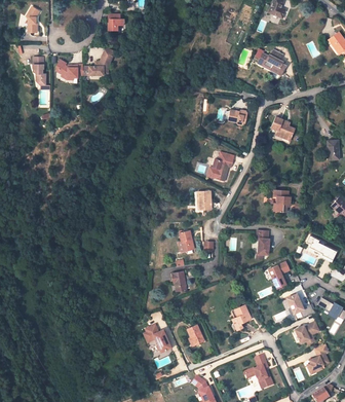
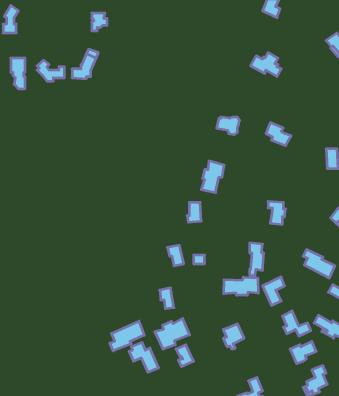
building: none -> [224,277,258,295]
building: none -> [155,318,190,349]
building: none -> [110,321,144,351]

